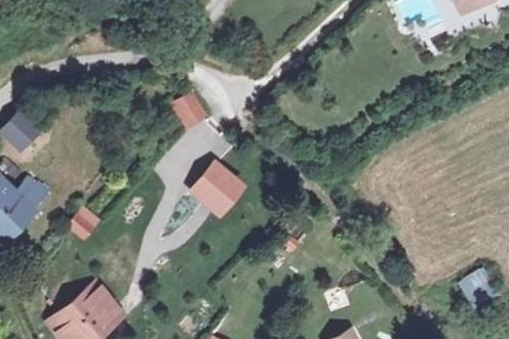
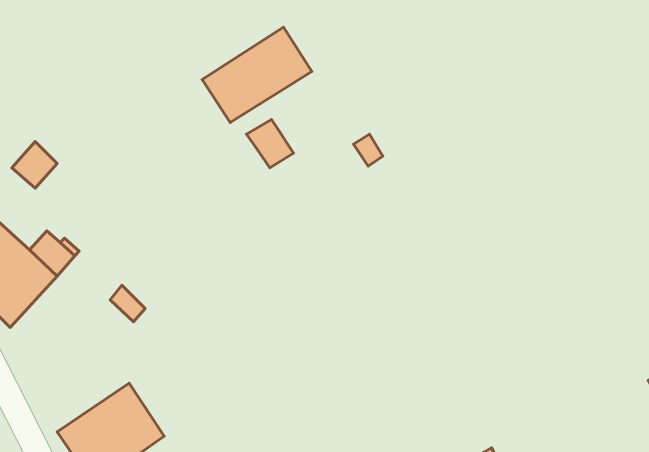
building: none -> [202,27,312,122]
building: [193,167,239,212] -> none

